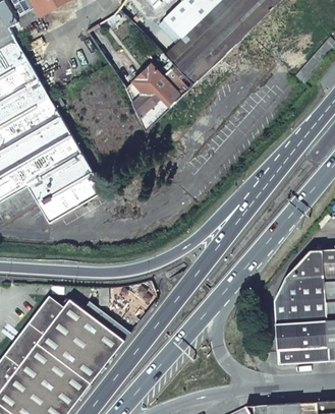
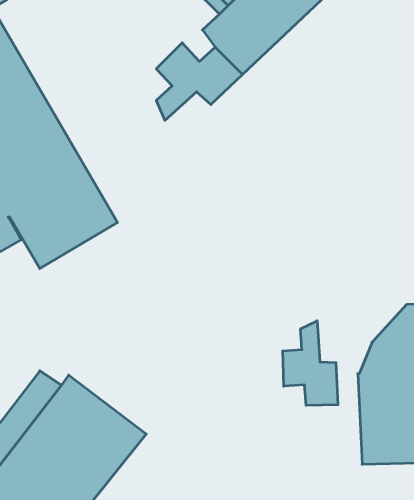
building: none -> [283,321,338,405]

